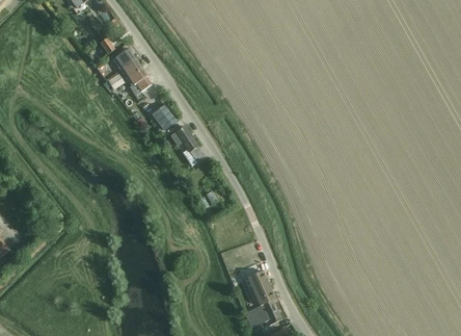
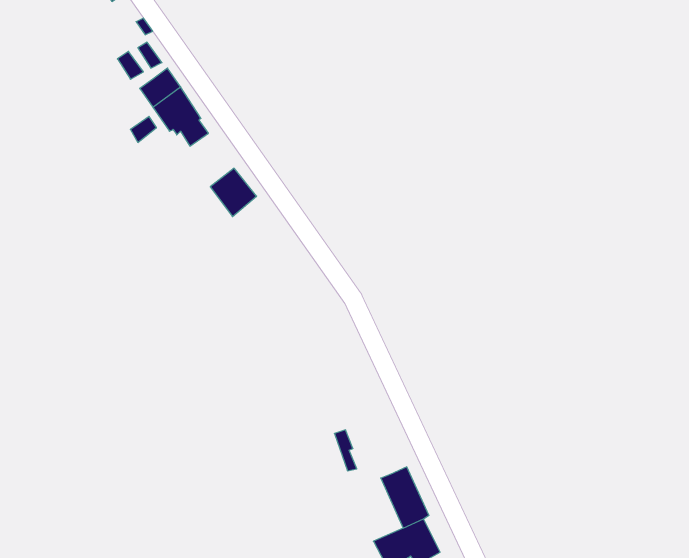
building: [169,127,204,163] -> none

